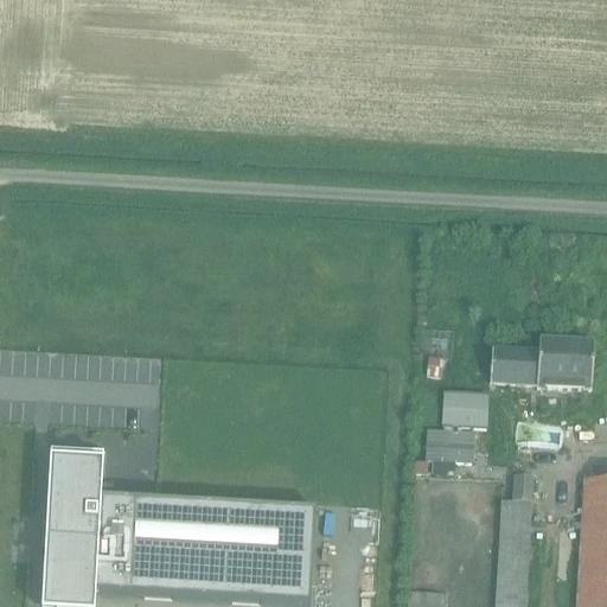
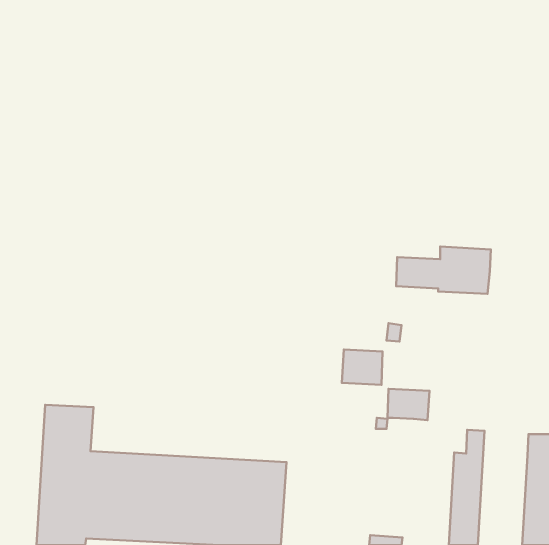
building: [491,337,595,389] -> [396,246,491,294]
building: [443,390,488,429] -> [342,349,383,385]

